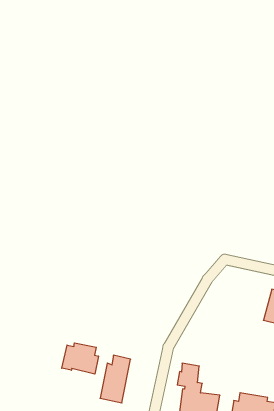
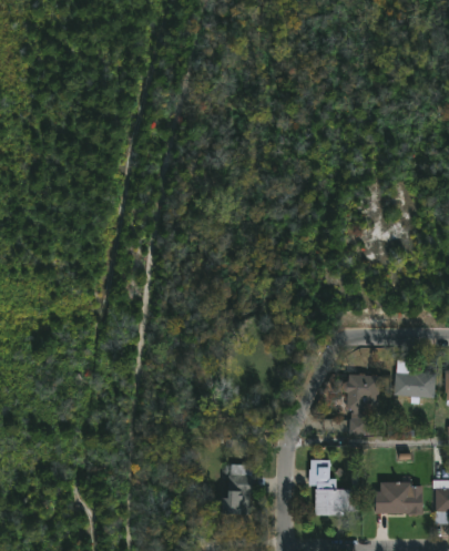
building: none -> [339,374,380,435]
building: [62,343,98,374] -> none

